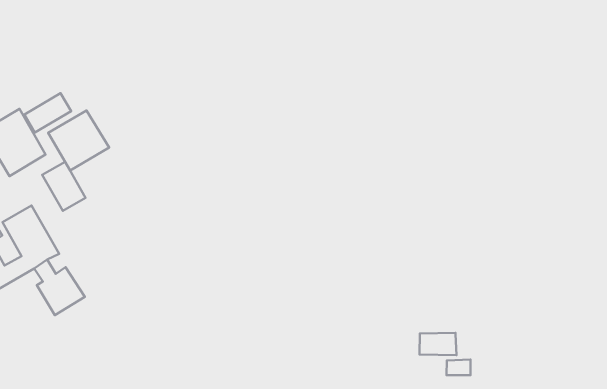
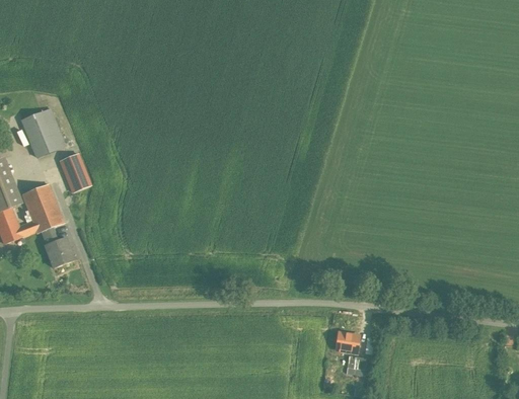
building: [24,93,71,133] -> none
building: [48,111,109,171] -> none

